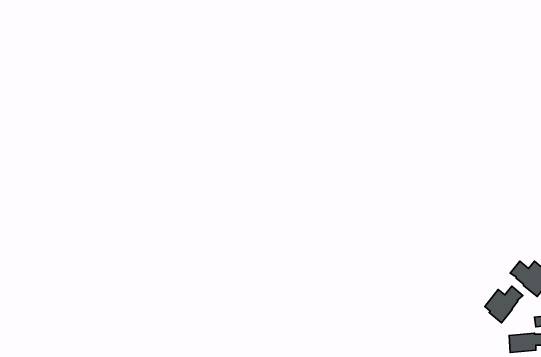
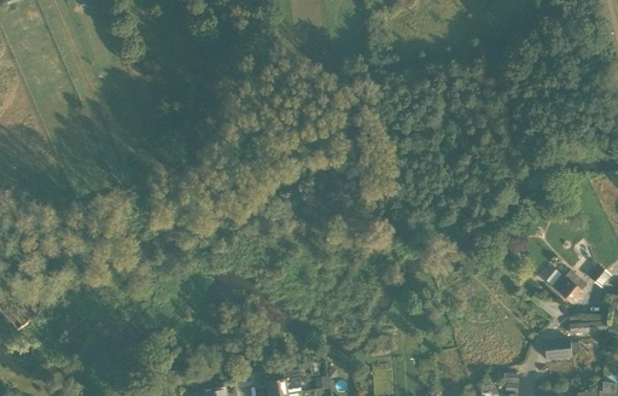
building: [485,286,523,323] -> none

